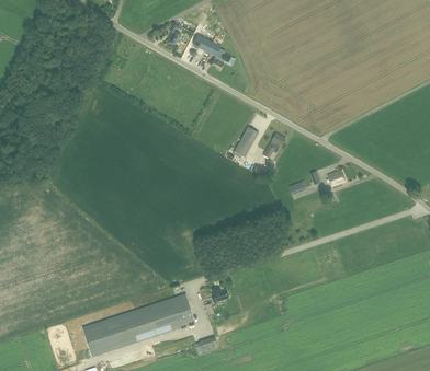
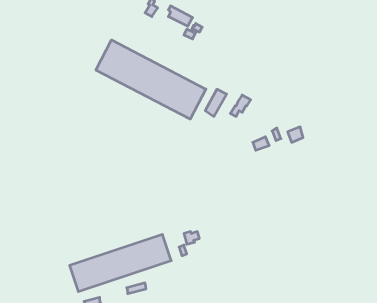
building: none -> [96,40,206,119]

